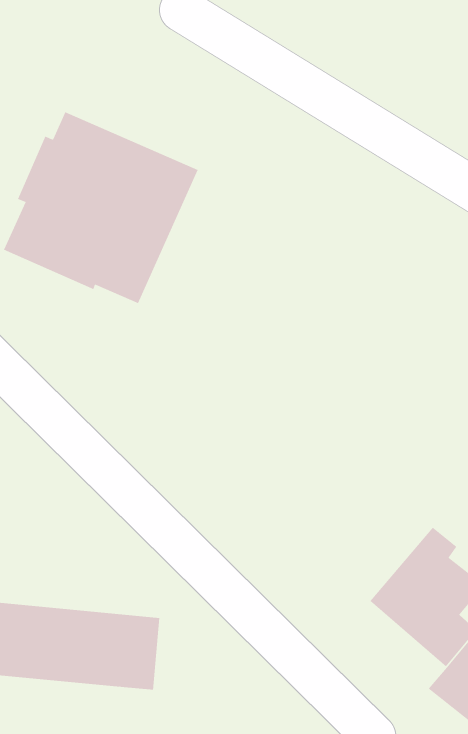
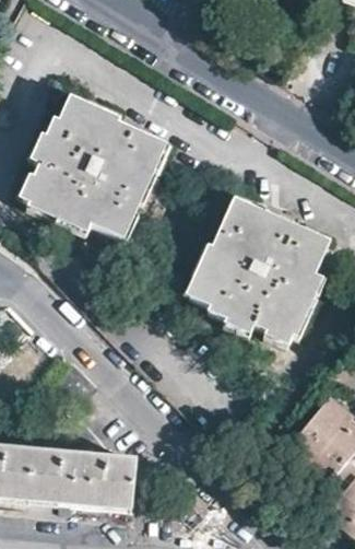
building: none -> [190,200,326,339]

